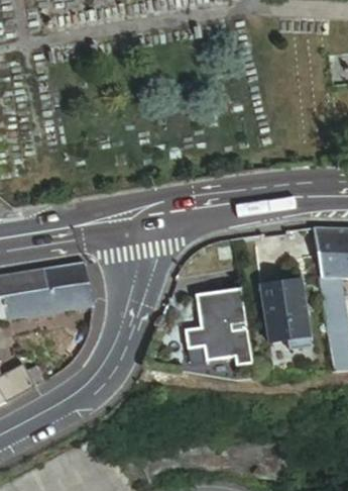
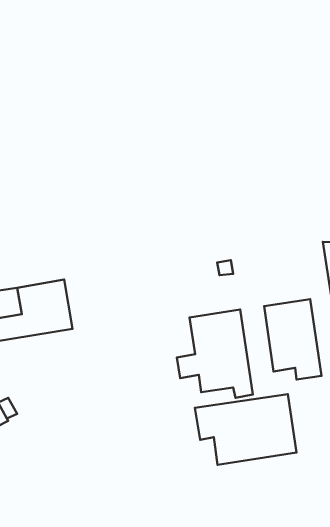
building: none -> [195,394,297,465]

